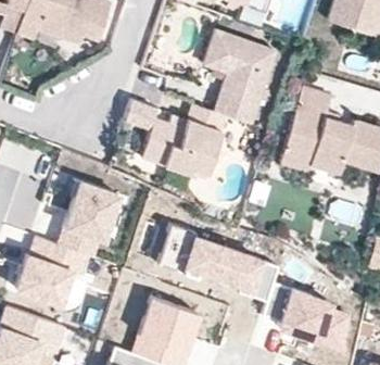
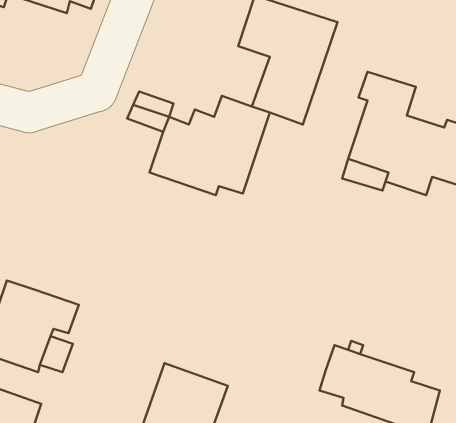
building: [59,181,119,255] -> none
building: [160,226,280,302] -> none

